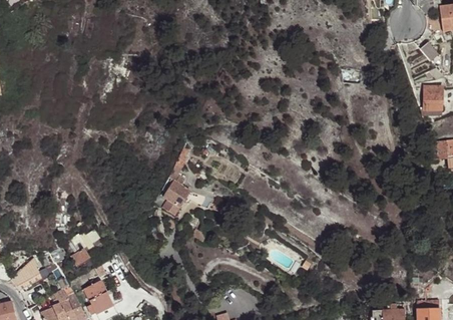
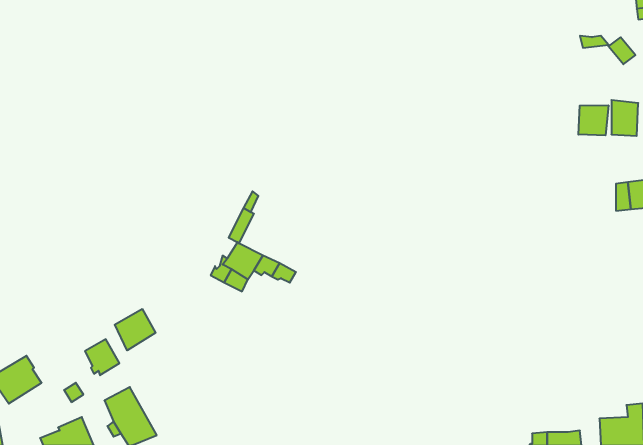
building: none -> [578,105,608,135]
building: none -> [115,309,156,350]

